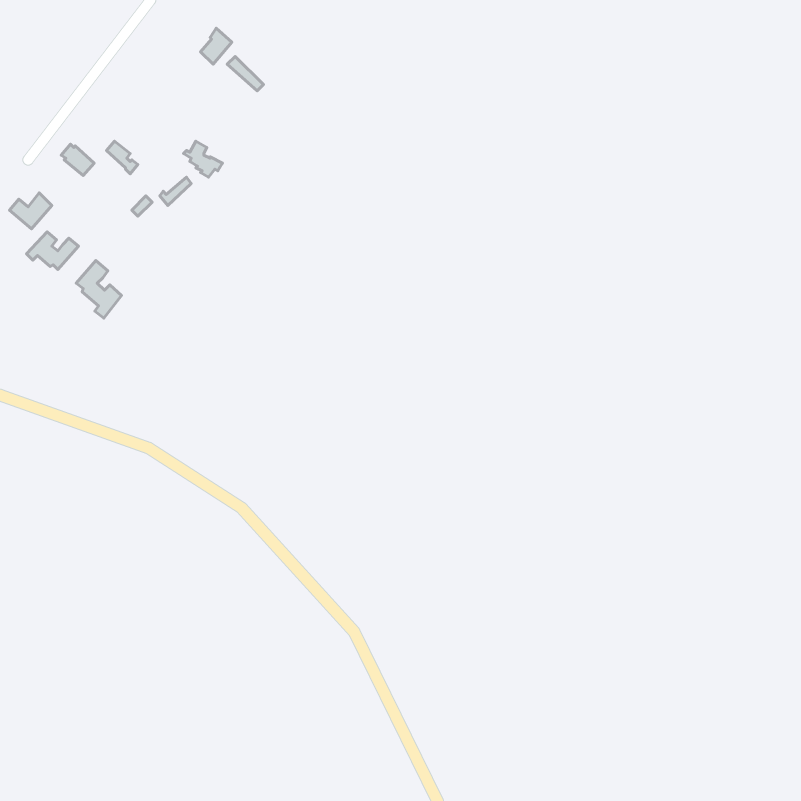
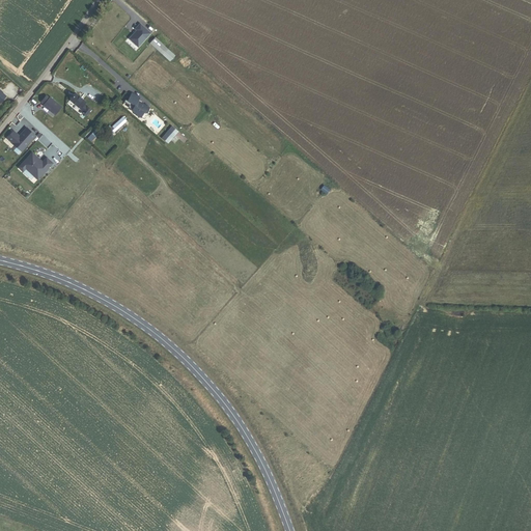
building: [76,261,122,318] -> none

